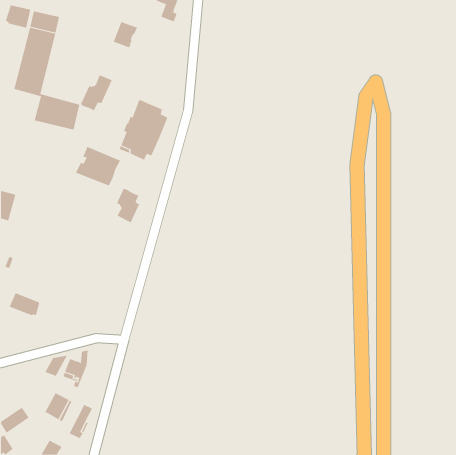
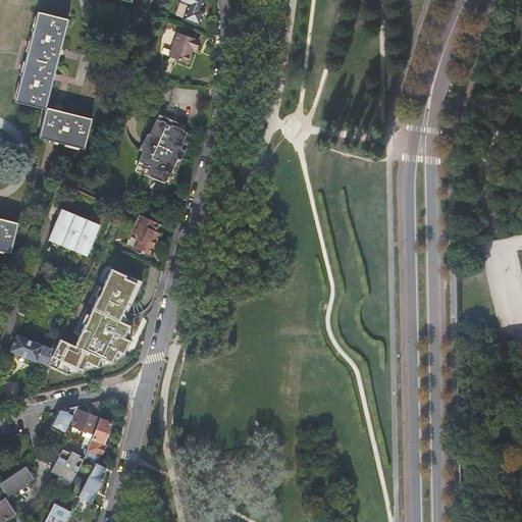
building: [5,4,31,29] -> none
building: [113,21,138,48] -> [170,34,199,64]
building: [80,75,112,111] -> none
building: [75,146,121,186] -> [48,209,100,255]
building: none -> [43,266,140,371]
building: none -> [87,418,111,456]

